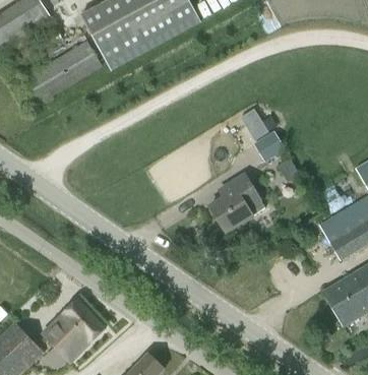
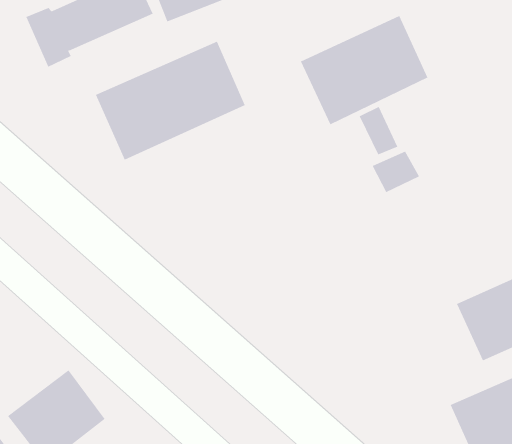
building: none -> [300,15,428,125]
building: none -> [95,41,245,160]
building: [209,174,264,231] -> none

